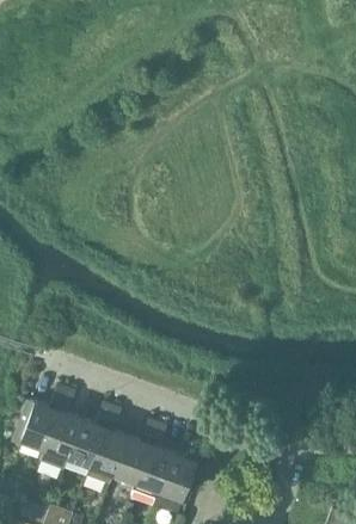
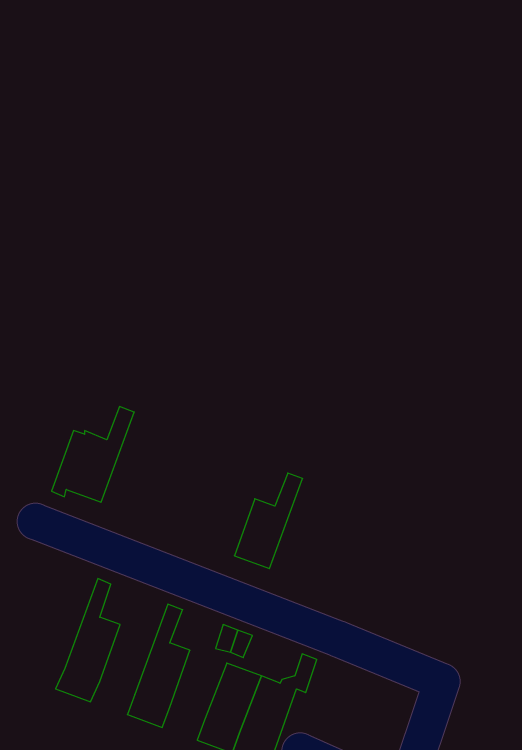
building: [13,388,67,450] -> [52,407,134,502]
building: [68,405,112,467] -> [234,473,303,569]
building: [113,438,151,483] -> none

